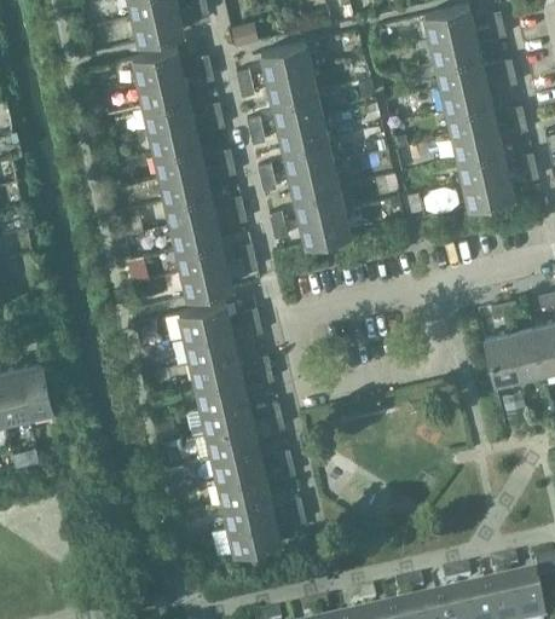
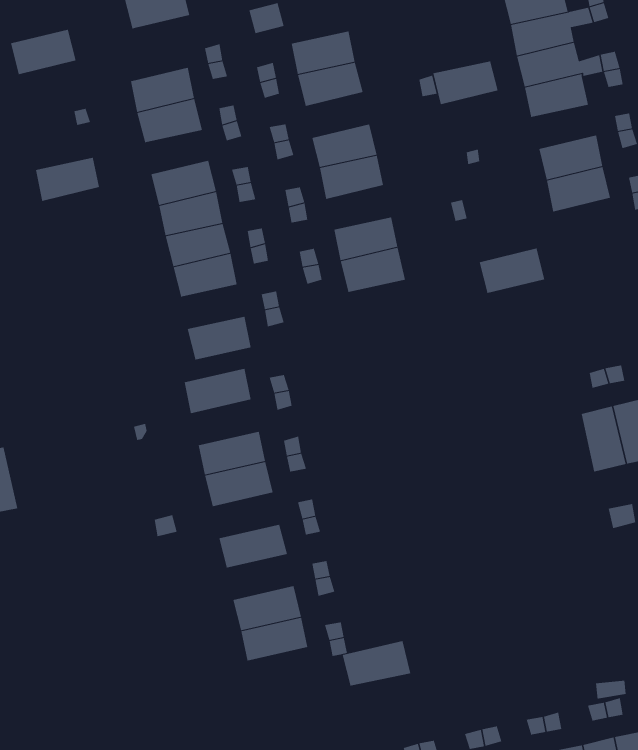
building: [133,52,184,87] -> [10,29,76,75]
building: [273,96,323,131] -> none
building: [446,105,497,139] -> [432,61,499,105]
building: [150,125,200,158] -> [35,157,100,201]
building: [289,167,340,201] -> none
building: [463,177,514,212] -> [479,248,545,294]
building: [178,243,227,277] -> none
building: [185,331,238,366] -> none
building: [202,403,254,438] -> none
building: [213,450,265,485] -> none
building: [229,521,282,556] -> [342,641,411,686]

